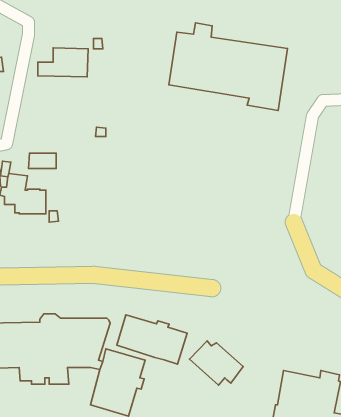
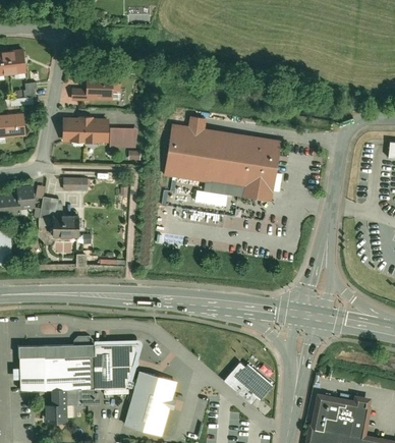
building: [169,23,288,110] -> [163,115,280,202]
building: none -> [61,116,137,150]
building: [117,315,187,364] -> none
building: none -> [45,402,66,423]

